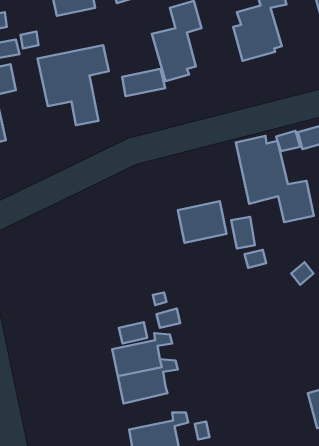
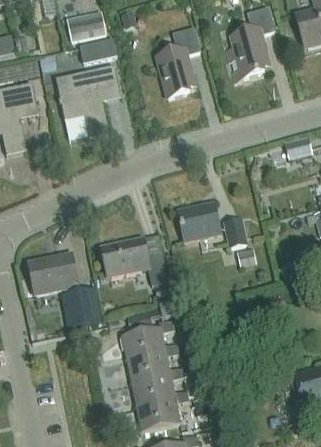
building: [122,69,165,96] -> [79,40,117,64]
building: [236,136,314,222] -> none
building: none -> [102,238,168,284]
building: none -> [29,252,101,325]
building: none -> [131,367,184,405]

